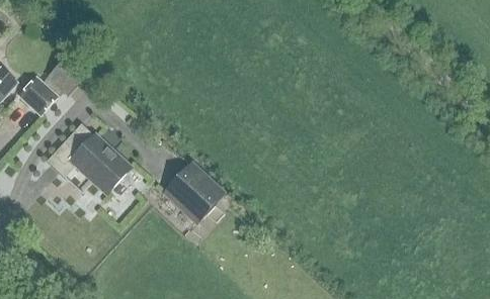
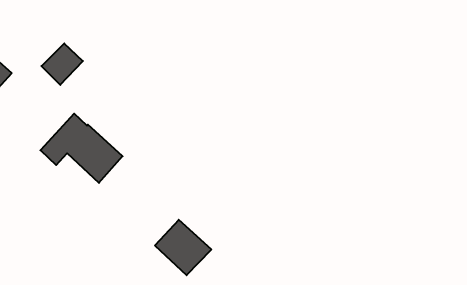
building: [19,78,57,115] -> none
building: [165,164,223,220] -> [155,220,211,275]

